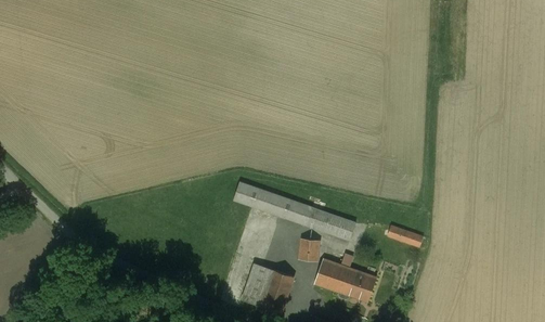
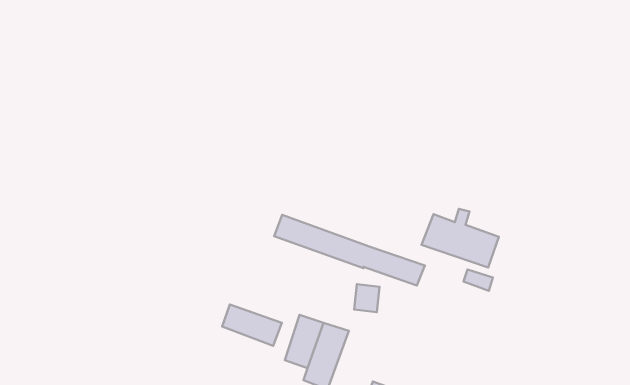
building: [313,254,376,301] -> [422,209,499,268]
building: none -> [222,305,282,346]

